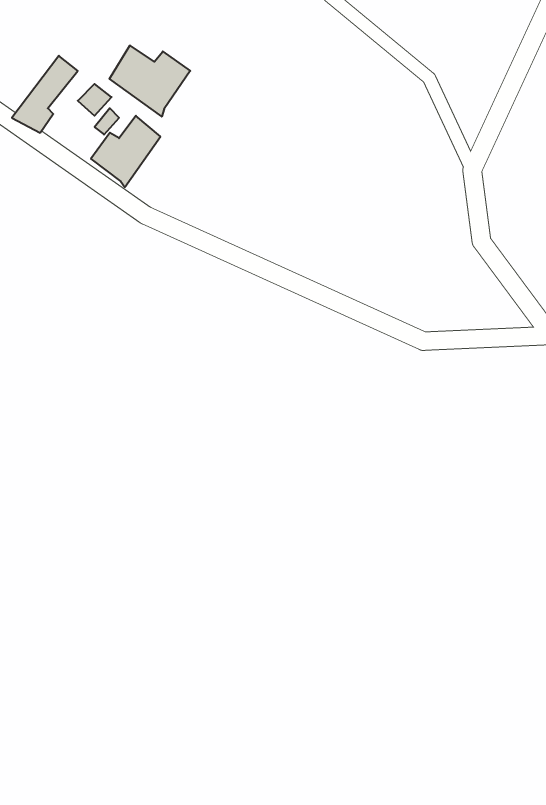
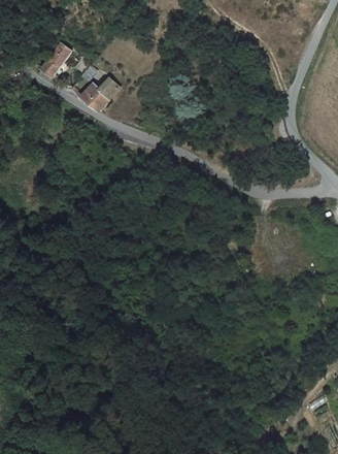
building: [109,45,190,117] -> none

